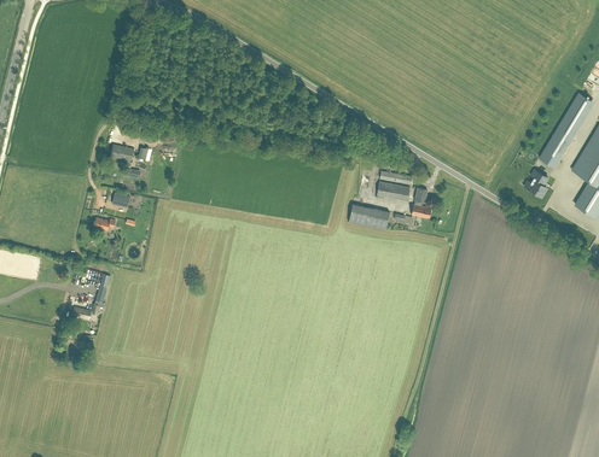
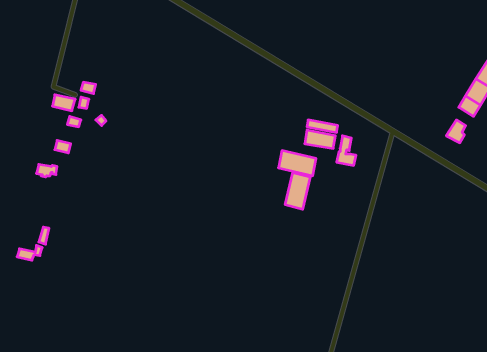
building: none -> [285,172,310,209]

